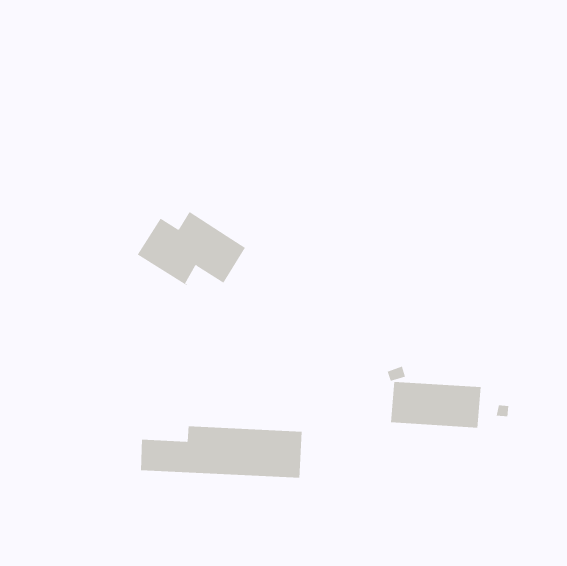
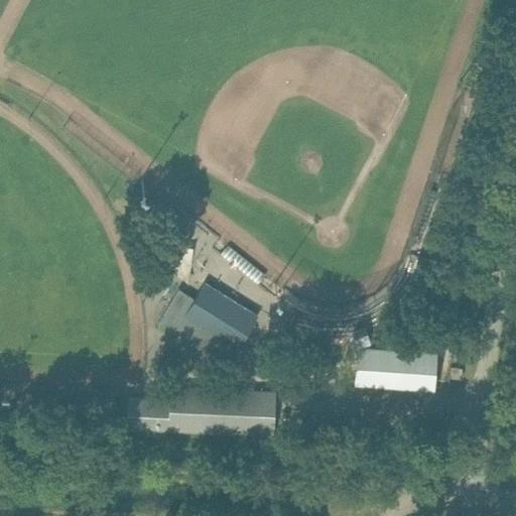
building: [137,211,246,286] -> [158,283,257,351]

